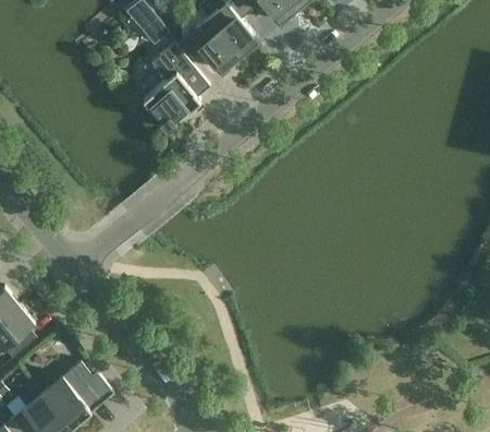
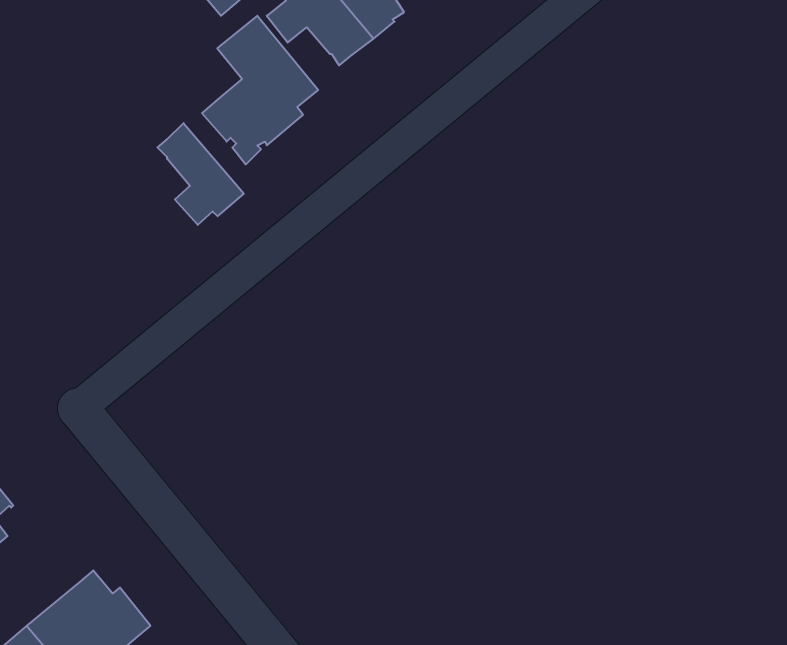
building: none -> [157,123,244,225]

